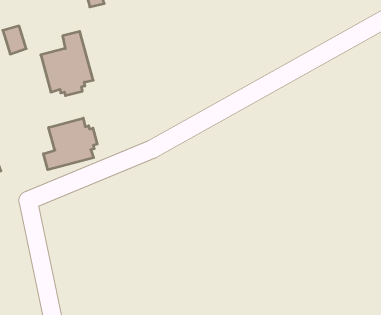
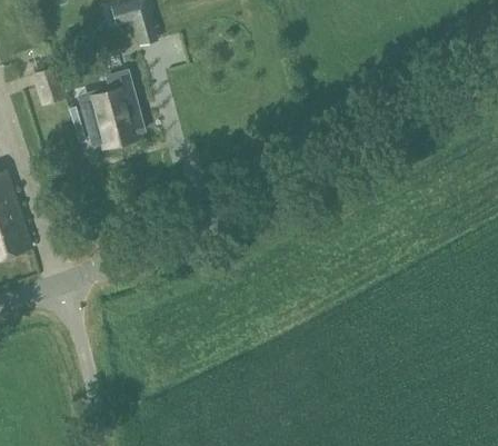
building: [43,118,97,170] -> none

